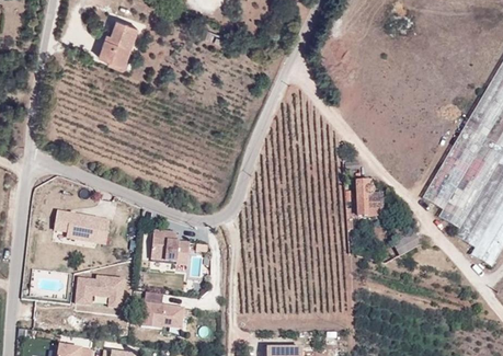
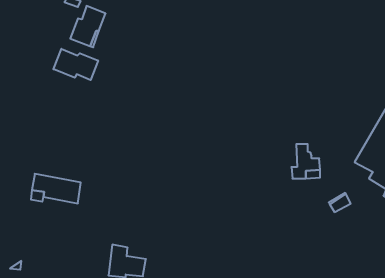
building: none -> [53,49,98,80]
building: [152,230,192,265] -> none
building: [76,276,124,308] -> none

